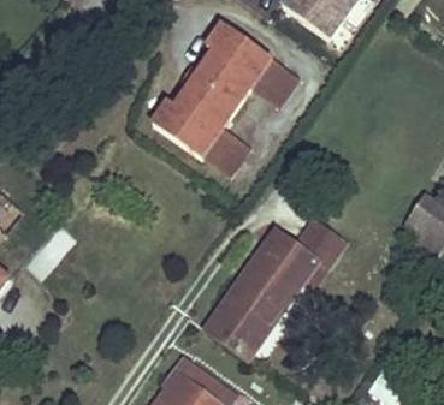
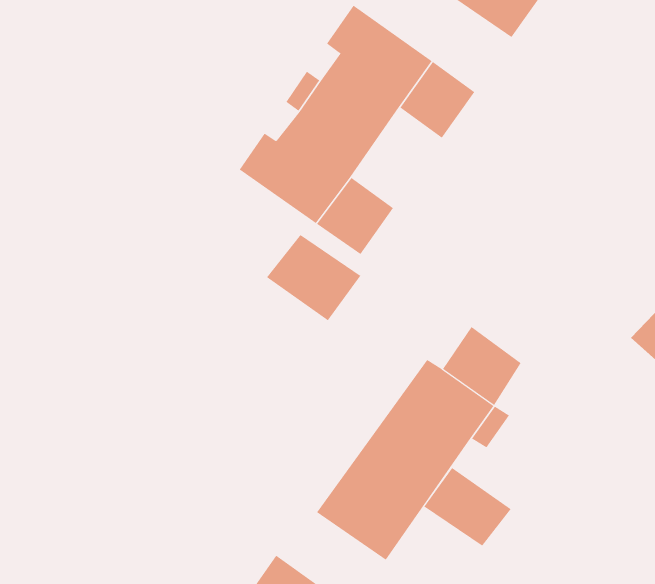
building: none -> [266,234,361,321]
building: none -> [424,467,512,547]

